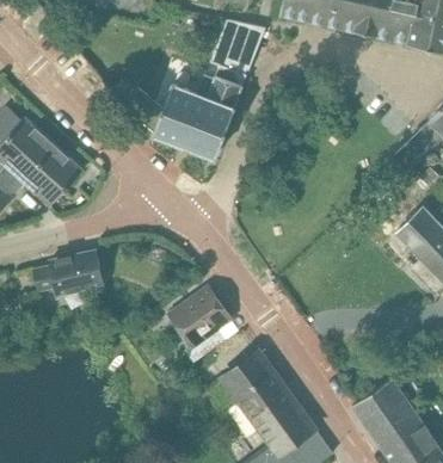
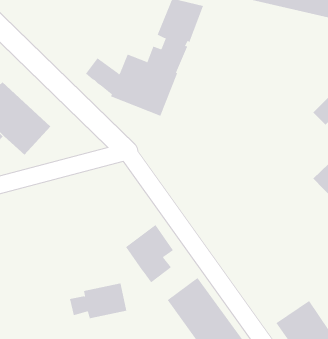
building: [33,252,103,295] -> [69,283,127,319]

